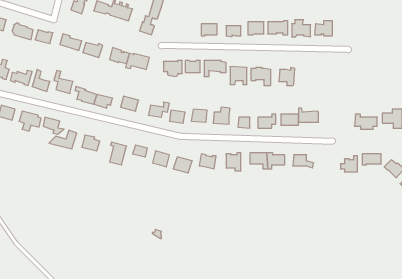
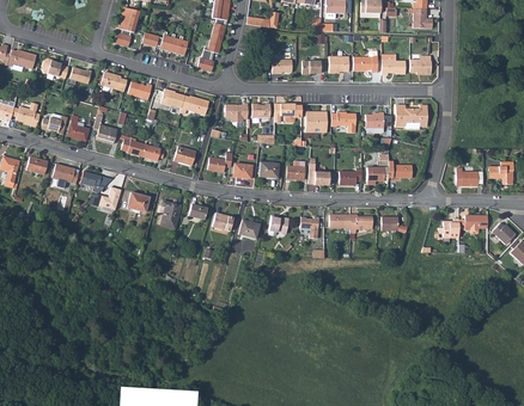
building: none -> [395,105,427,127]

